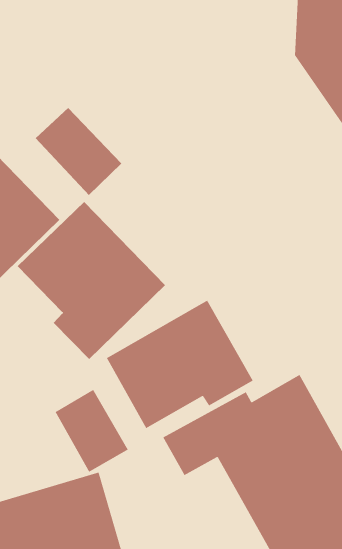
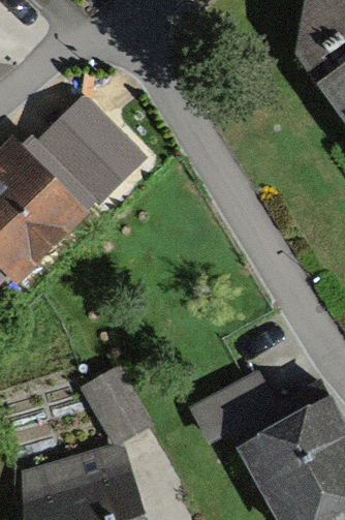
building: [17,201,166,360] -> none
building: [106,300,254,429] -> none

